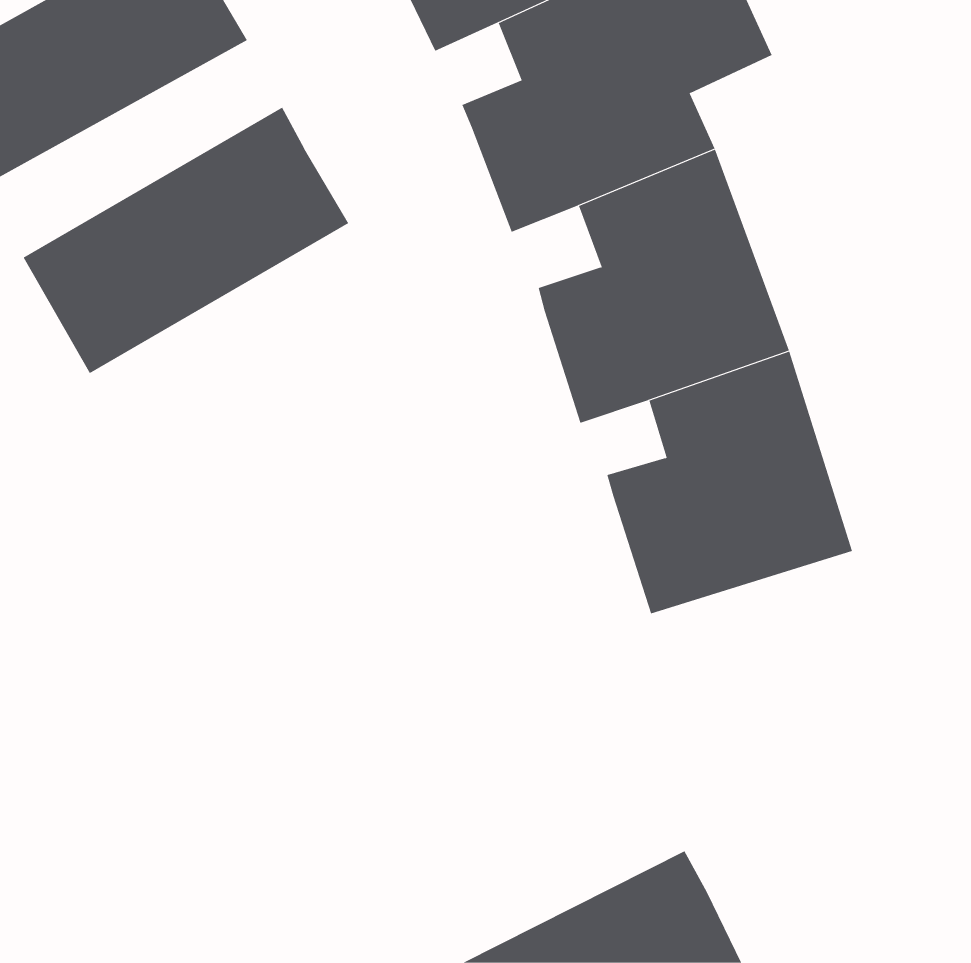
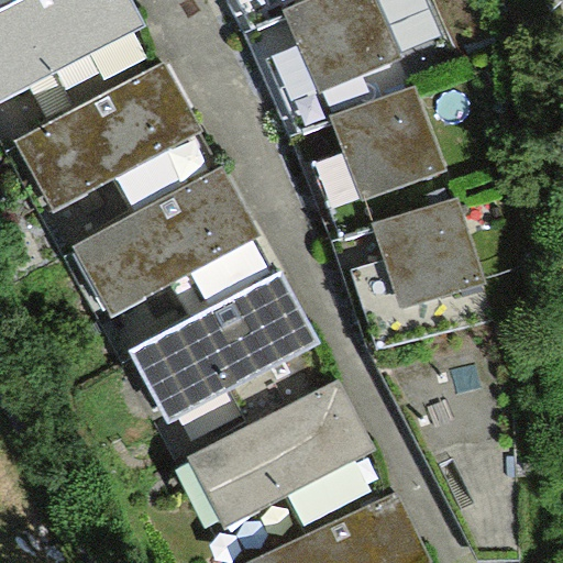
building: none -> [73,166,260,318]
building: none -> [131,274,316,423]
building: none -> [189,380,373,528]

